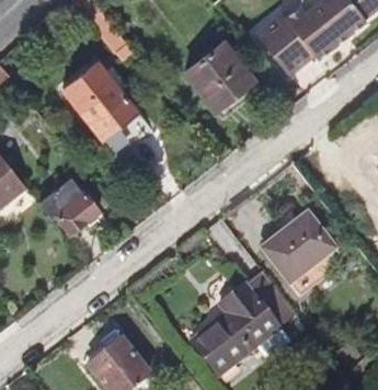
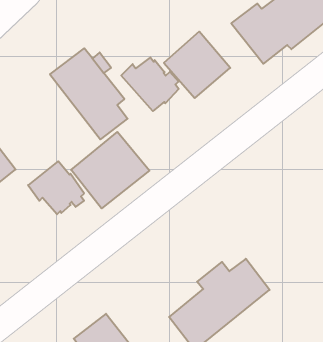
building: none -> [121,57,179,111]
building: none -> [71,132,149,208]
building: [265,214,336,284] -> none

